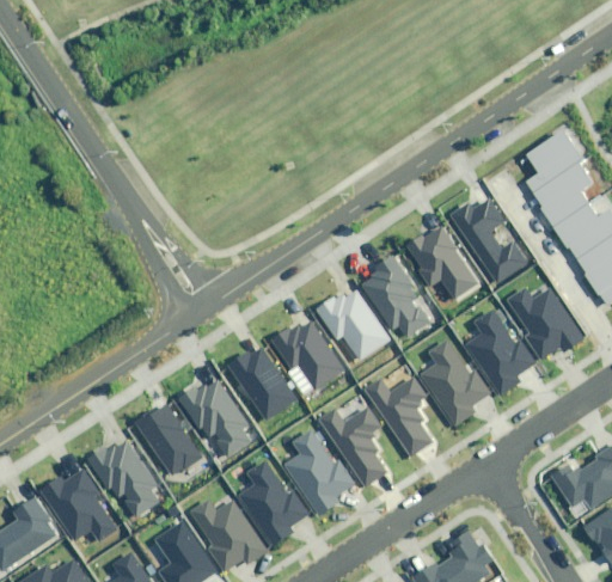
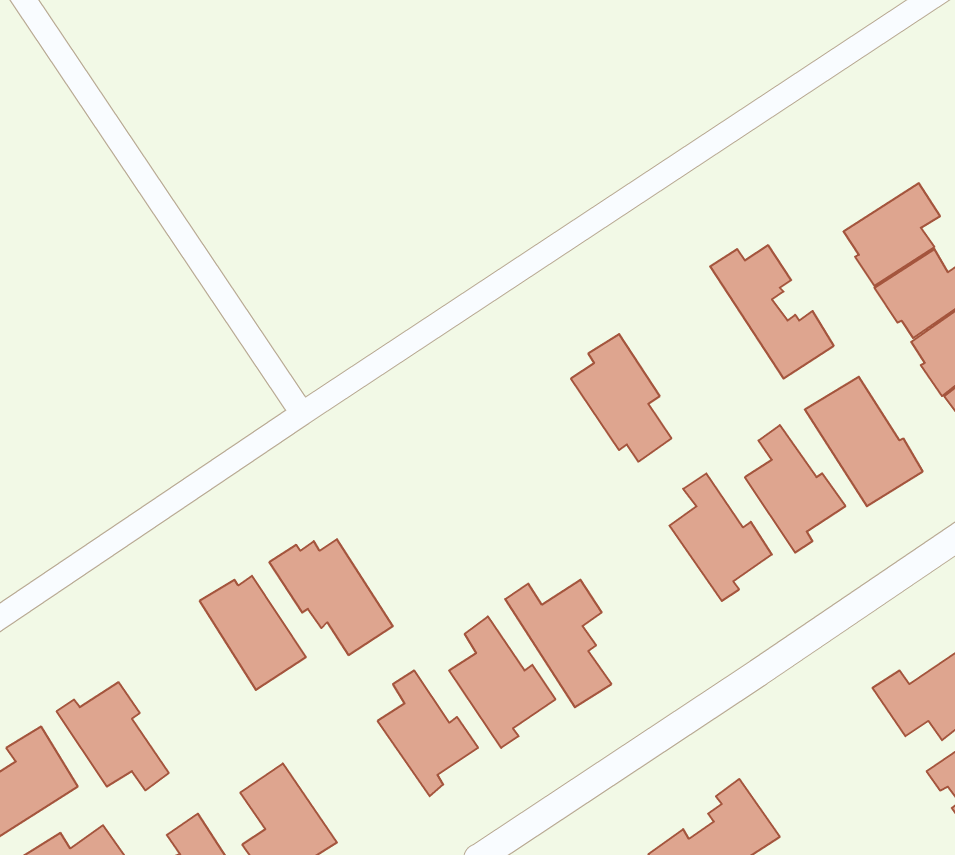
building: [526,131,582,192] -> none
building: [405,227,477,299] -> none
building: [317,289,391,360] -> none
building: [270,321,343,388] -> none
building: [230,344,296,419] -> none
building: [369,376,434,455] -> none
building: [87,441,158,516] -> none
building: [197,502,267,568] -> none

